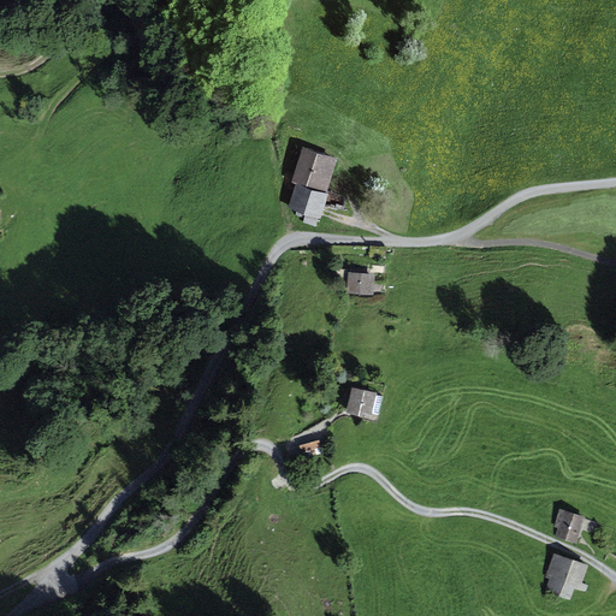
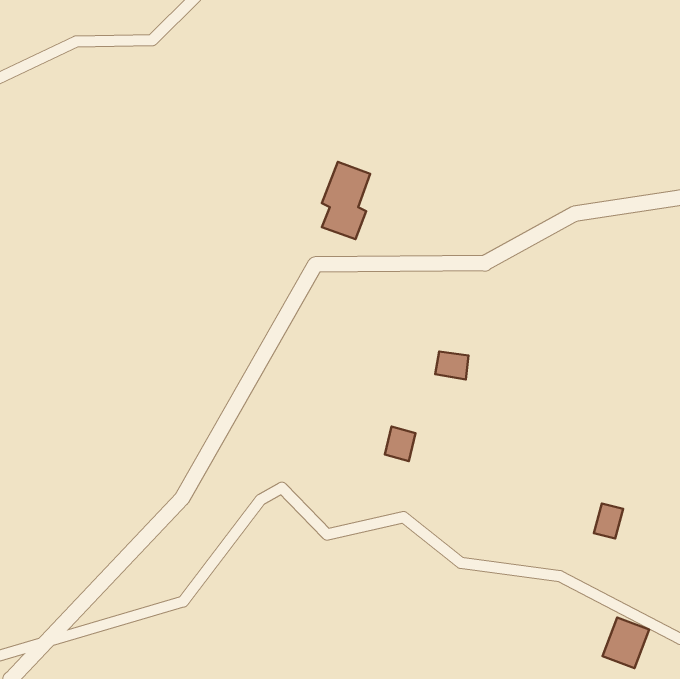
building: [342,270,372,295] -> [435,351,469,380]
building: [555,510,581,541] -> [594,504,623,538]

